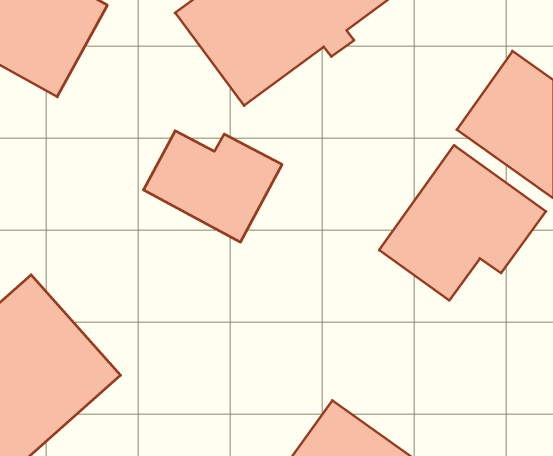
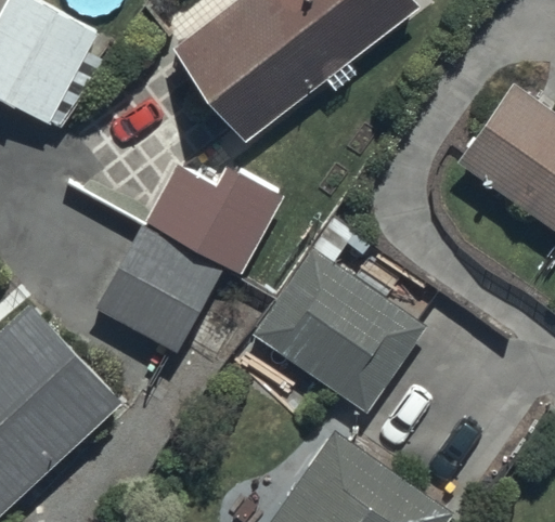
building: [379,145,546,300] -> none
building: none -> [98,229,219,351]
building: none -> [255,246,428,413]

